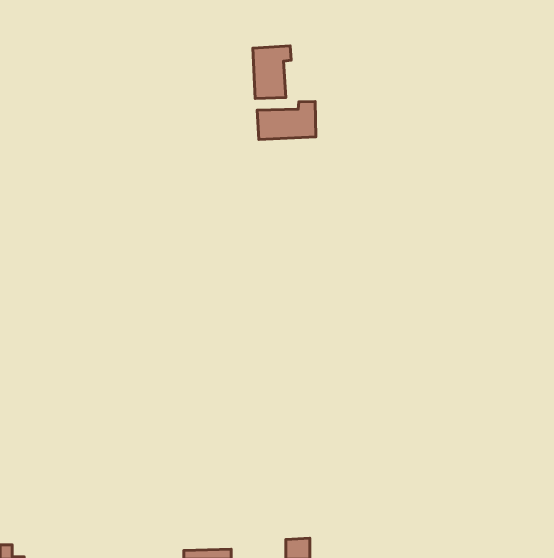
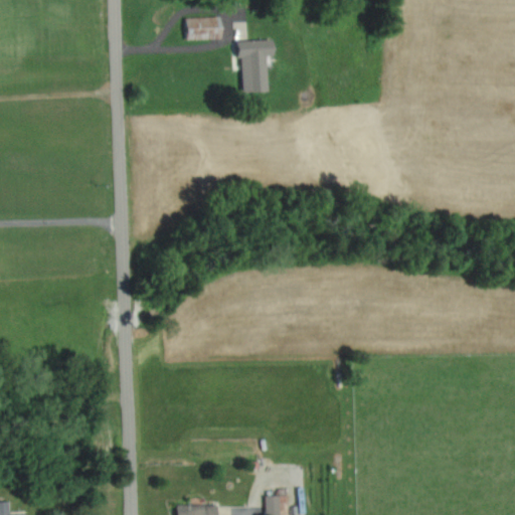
building: none -> [187,18,218,38]
building: [257,101,316,139] -> none

